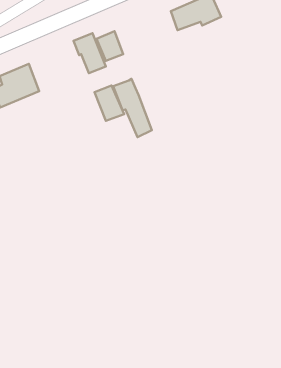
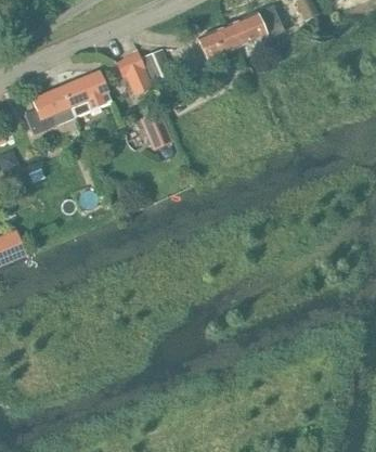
building: none -> [197,25,235,62]
building: none -> [66,72,112,116]
building: [113,79,152,137] -> none

